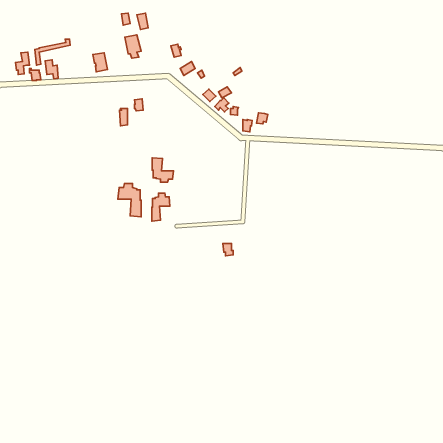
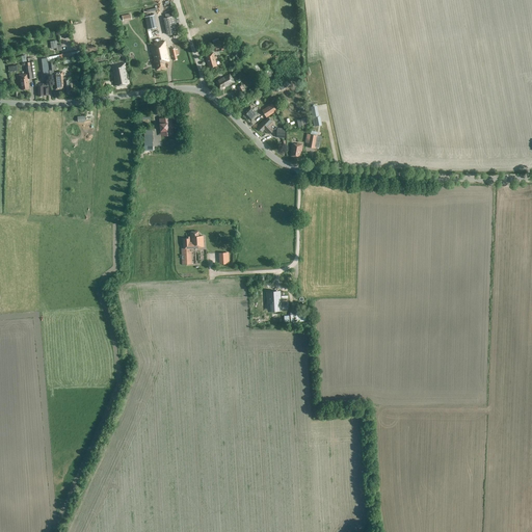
building: [152,158,174,182] -> none
building: [118,183,141,217] -> none

